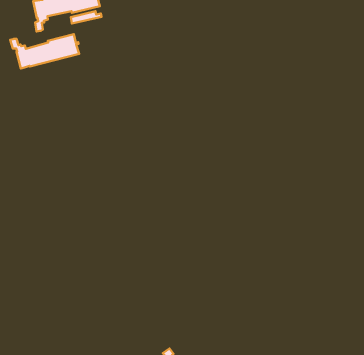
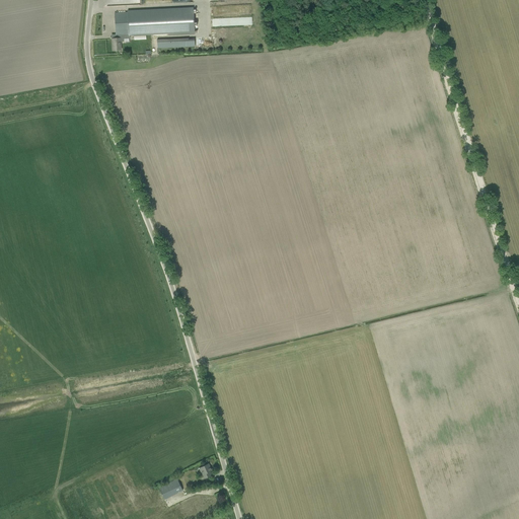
building: [10,34,79,69] -> none

